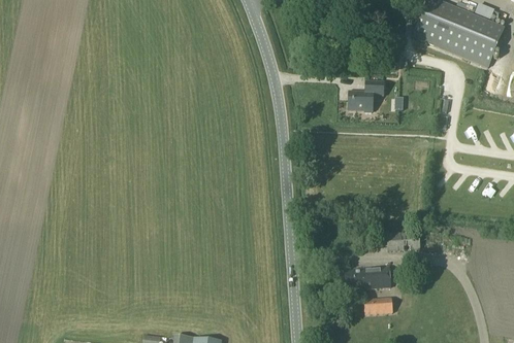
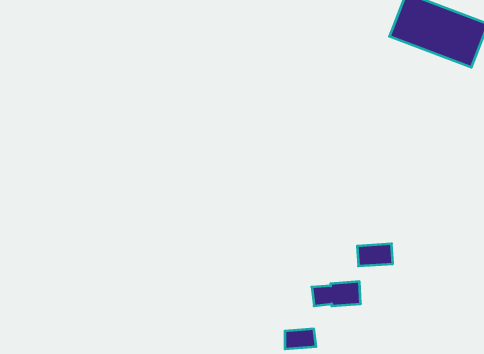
building: [348,79,385,112] -> none
building: [363,296,392,314] -> [285,329,316,349]

